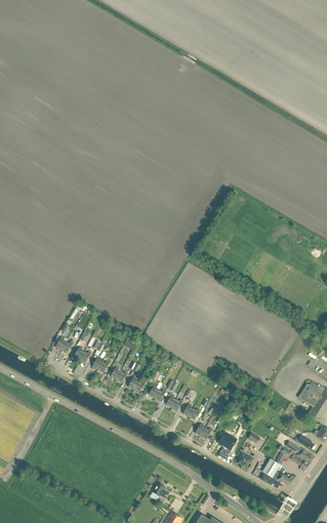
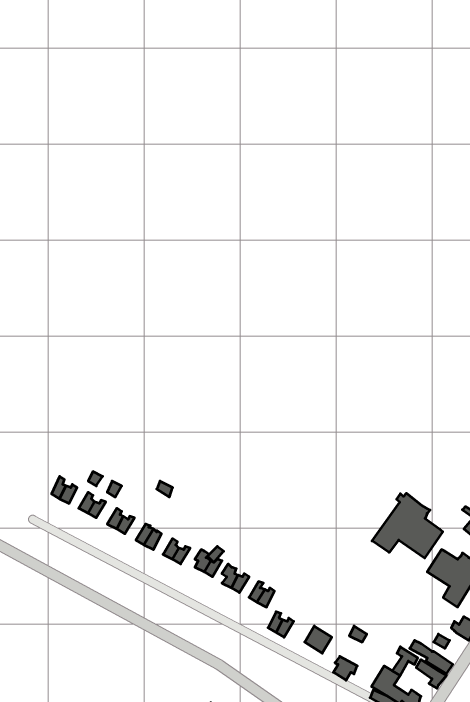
building: none -> [372,493,443,558]

